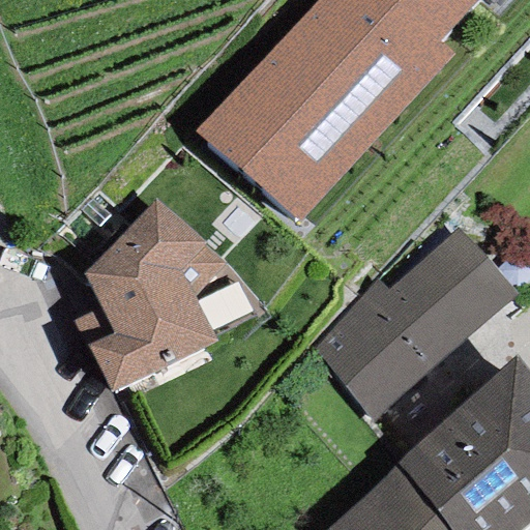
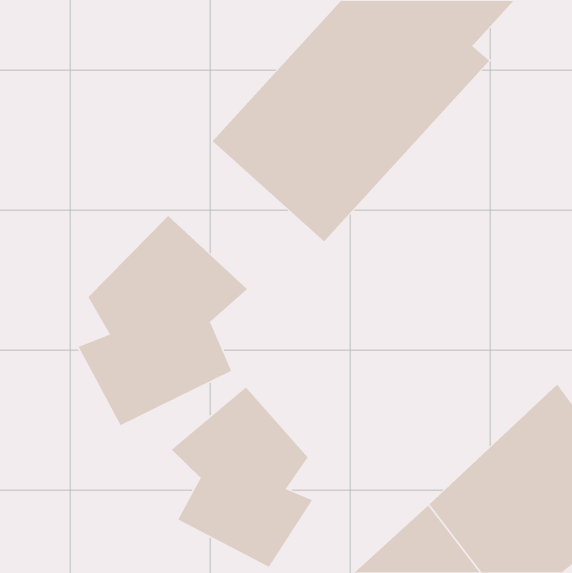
building: [313,228,517,422] -> none
building: none -> [171,387,313,568]

